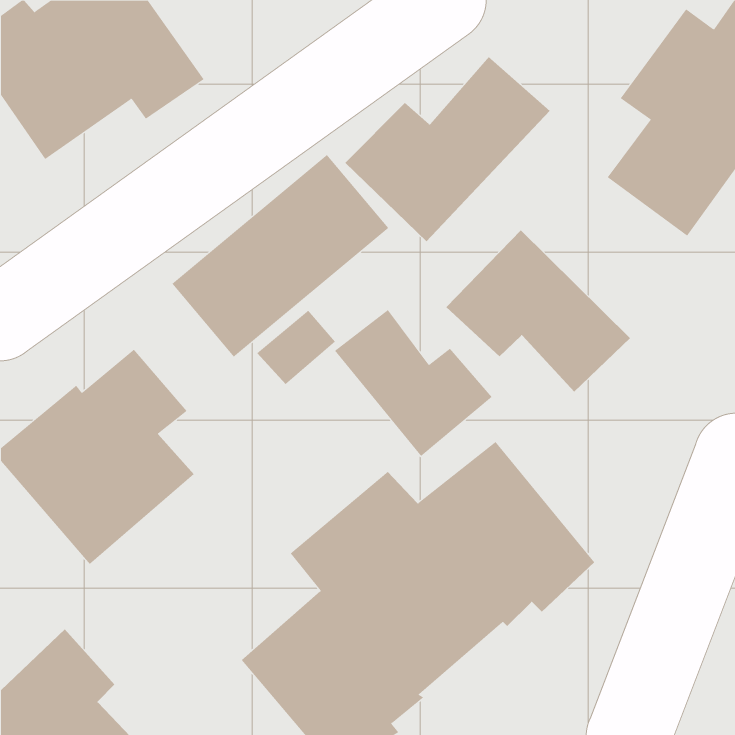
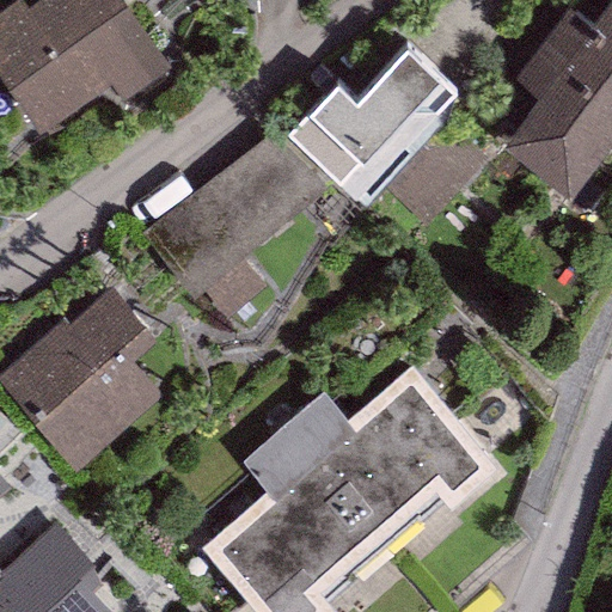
building: [446,229,631,392] -> none
building: [334,309,493,457] -> none

